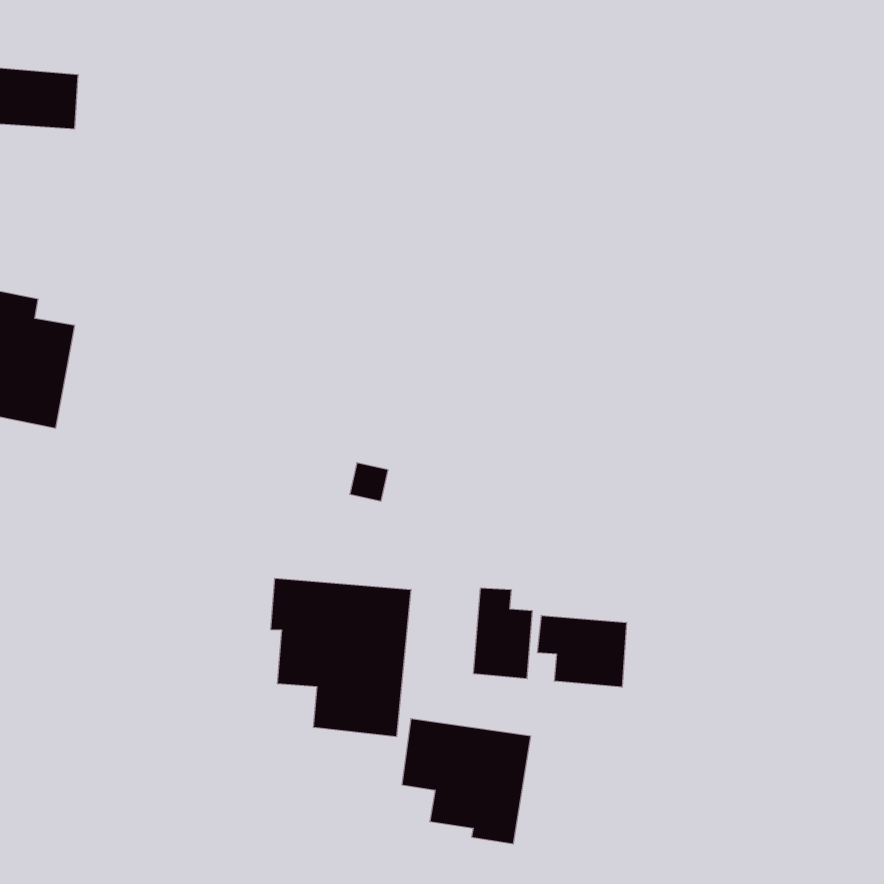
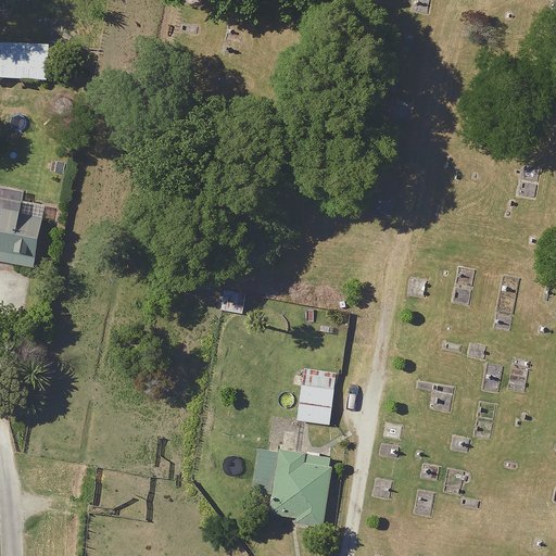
building: [271,578,411,737] -> none
building: [538,615,627,687] -> none

